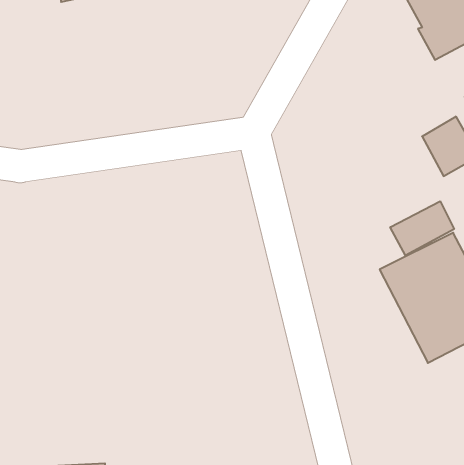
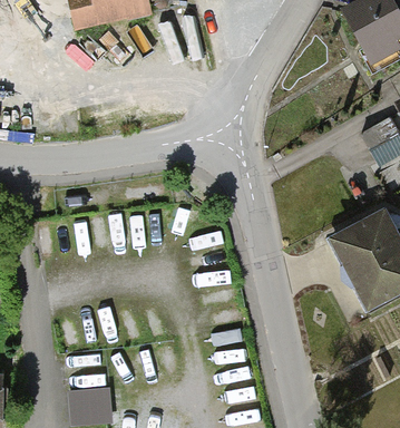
building: [390,201,454,255] -> none

